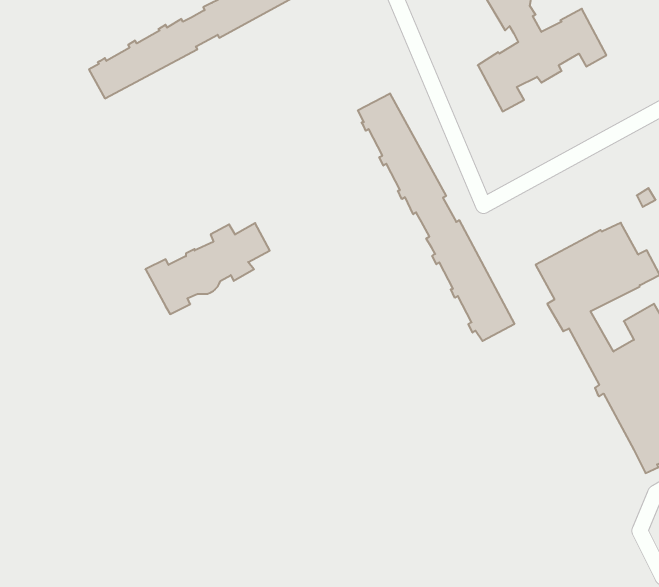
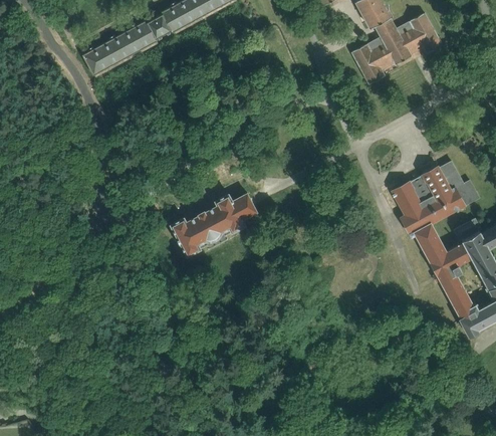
building: [358,93,514,341] -> none
building: [145,223,270,314] -> [170,193,256,256]

